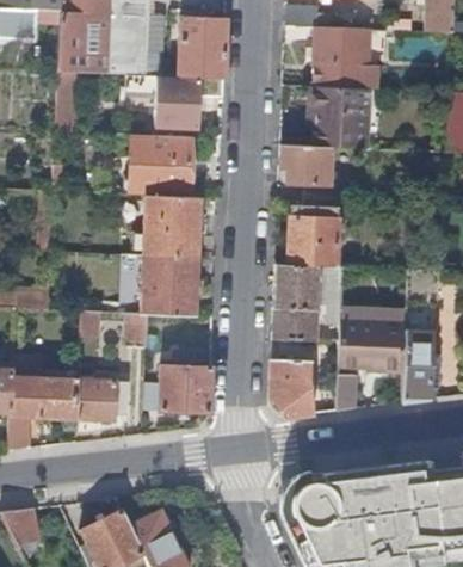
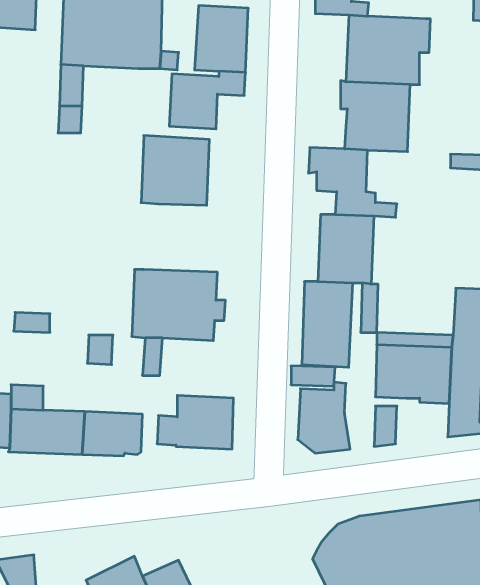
building: [132,195,208,255] -> none

